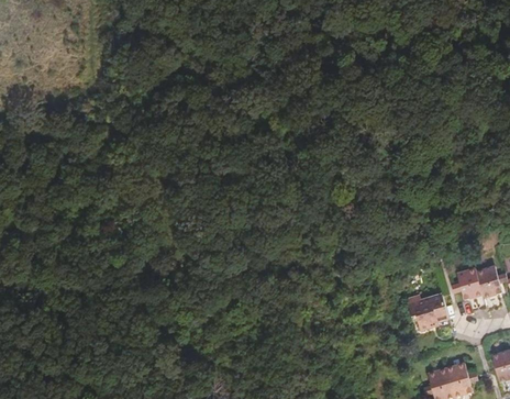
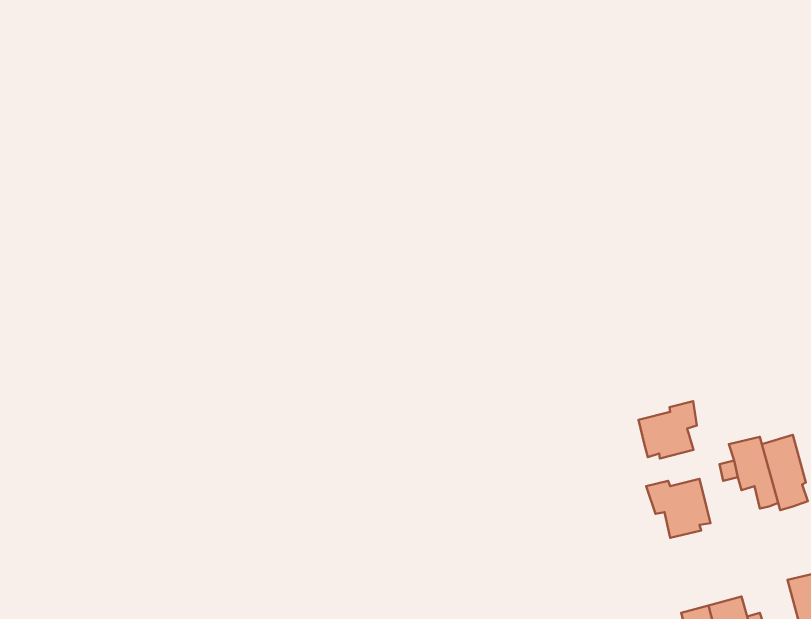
building: none -> [638,401,697,458]

